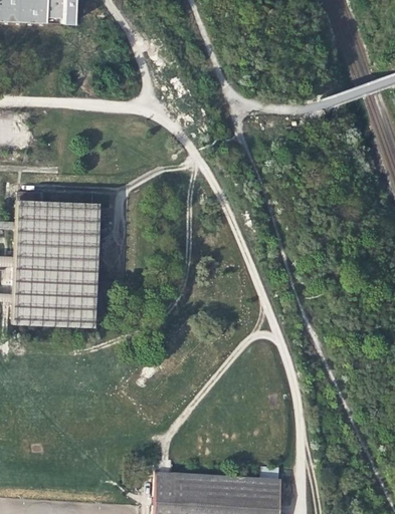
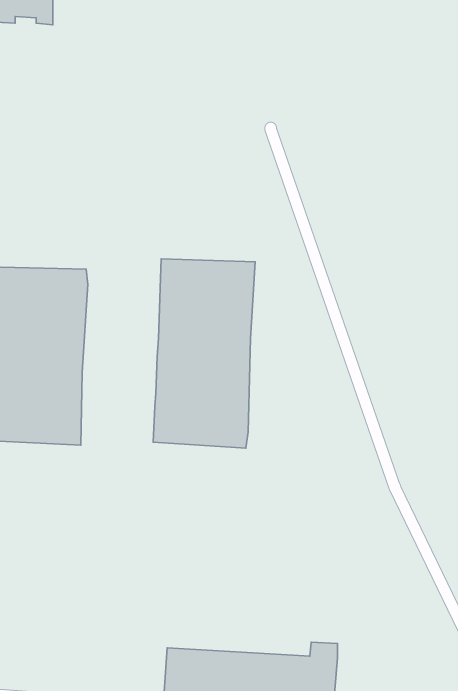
building: none -> [153,259,255,448]

